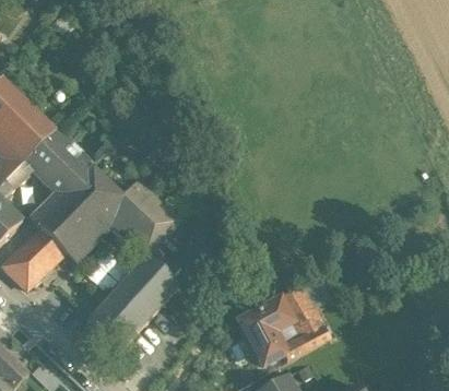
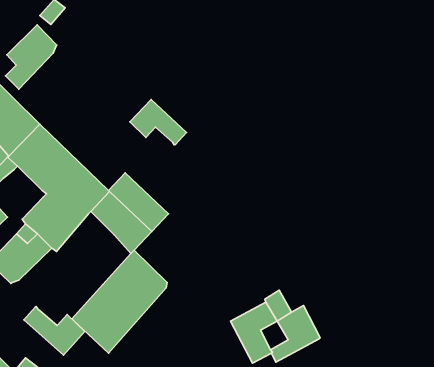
building: none -> [5,25,57,89]
building: none -> [130,99,187,145]
building: none -> [24,306,85,355]

